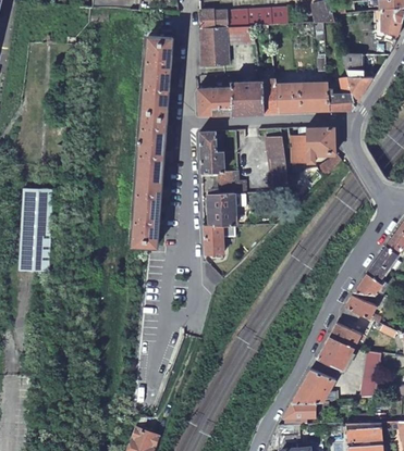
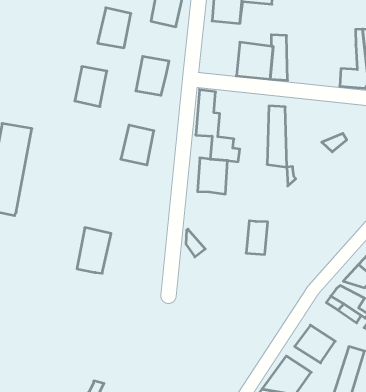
building: [142,74,169,109] -> [98,8,131,48]
building: [196,83,231,115] -> none
building: [274,84,328,112] -> none
building: [289,127,334,164] -> none
building: [137,140,163,175] -> [75,67,107,107]
building: [132,205,159,246] -> [77,228,111,273]
building: [203,225,221,256] -> [246,221,268,254]
building: [330,322,363,348] -> none

